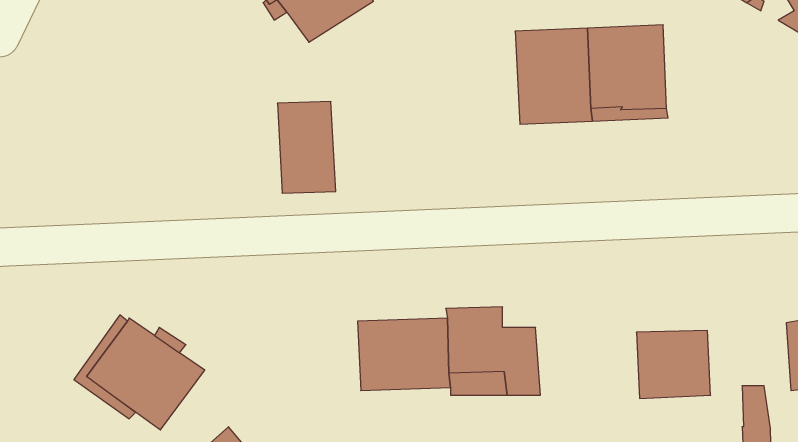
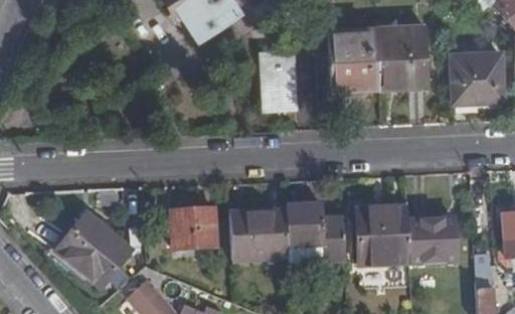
building: none -> [451,51,506,102]
building: [277,102,336,193] -> [263,49,300,108]
building: none -> [173,209,217,251]
building: none -> [358,209,410,266]

